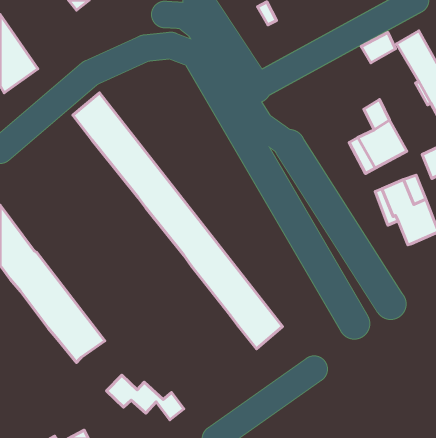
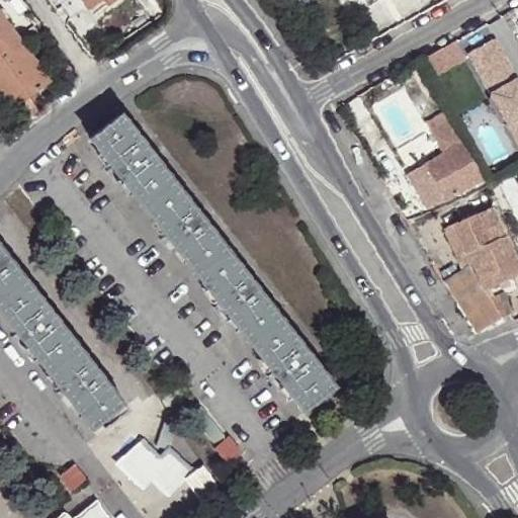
building: none -> [444,267,511,331]

